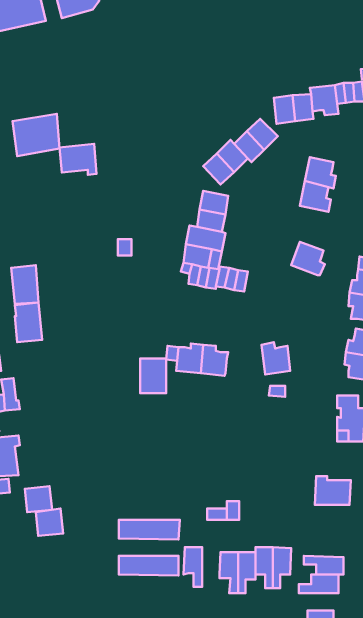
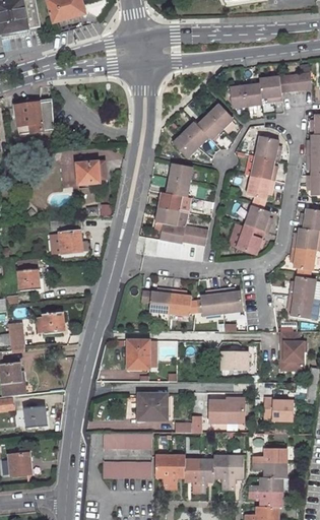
building: [59,144,97,175] -> [76,159,107,185]
building: none -> [247,176,274,200]
building: [11,265,38,304] -> [59,219,81,251]
building: none -> [236,224,265,256]
building: none -> [200,289,222,316]
building: [140,358,166,393] -> [127,340,148,369]
building: none -> [43,311,65,332]
building: none -> [221,351,248,370]
building: none -> [138,394,167,420]
building: none -> [208,401,244,422]
building: [36,509,63,536] -> [10,452,33,474]
building: none -> [254,448,286,463]
building: none -> [171,455,186,488]
building: none -> [250,493,282,507]

